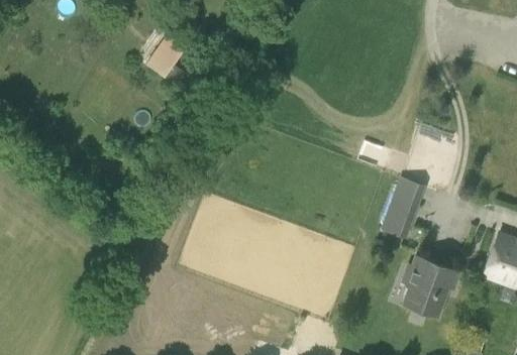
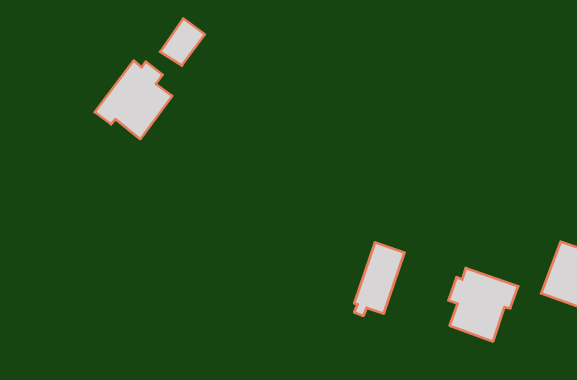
building: none -> [95,61,172,139]
building: [381,174,425,239] -> [354,243,405,316]

